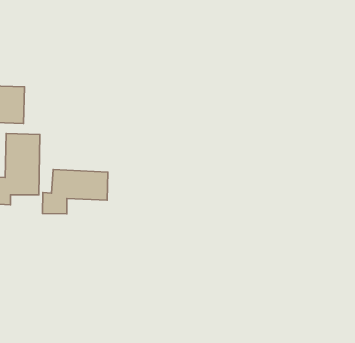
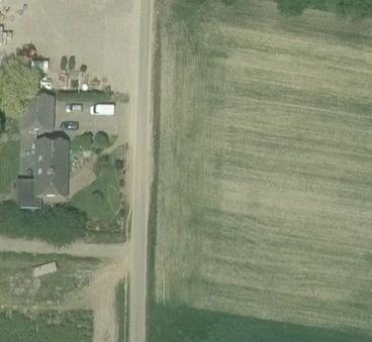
building: [42,170,108,214] -> none

